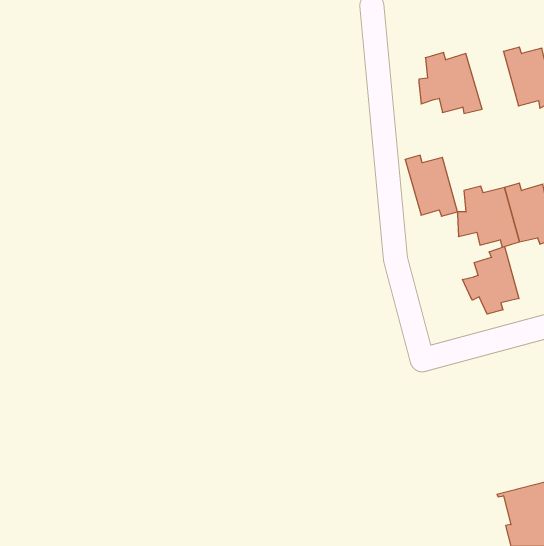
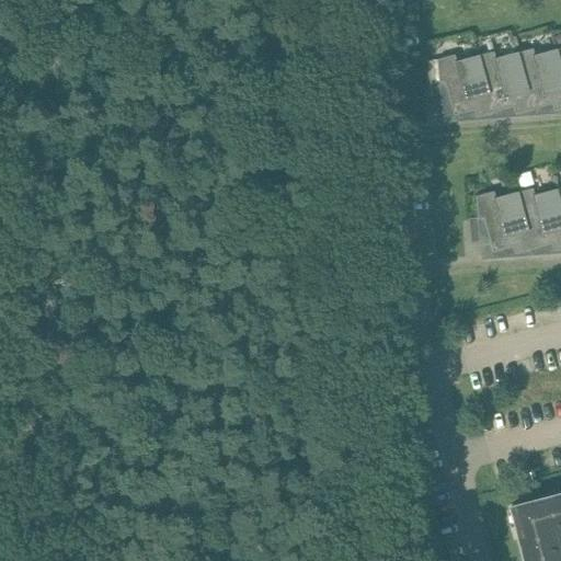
building: [405,155,457,216] -> [480,50,534,113]
building: [463,247,519,314] -> none

